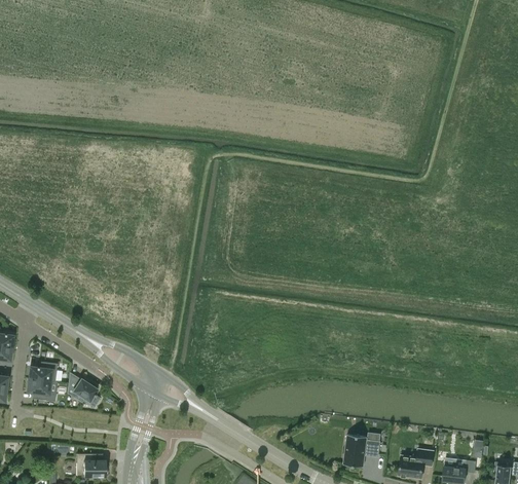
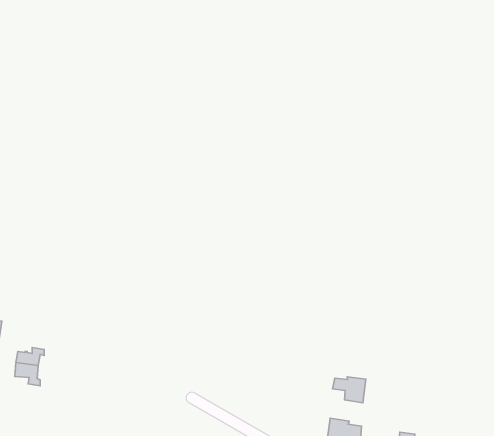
building: [67,373,100,407] -> none
building: none -> [332,377,366,403]

